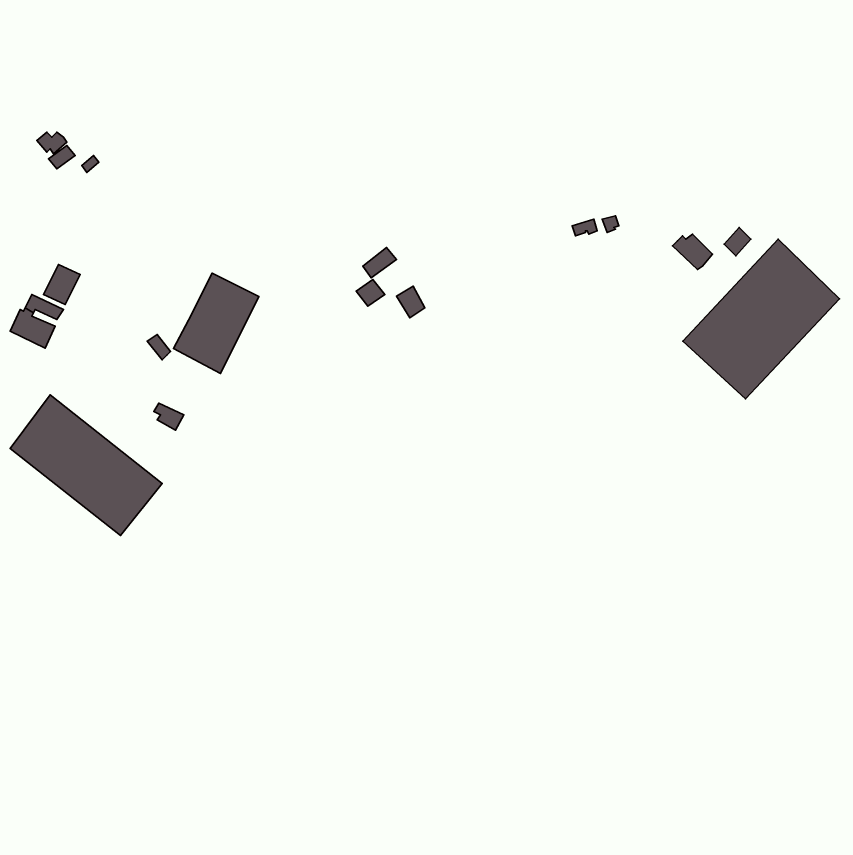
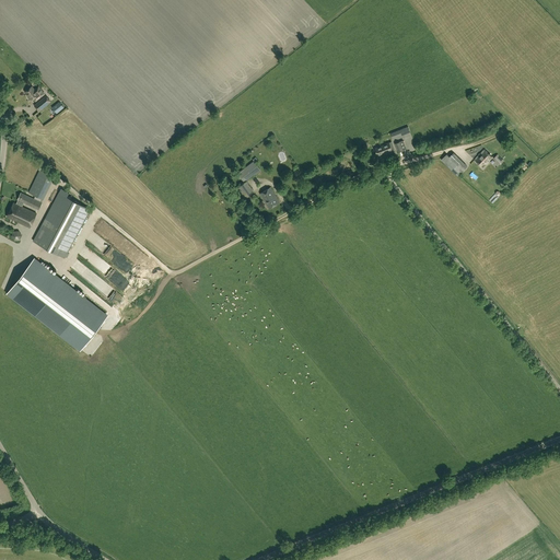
building: [683,239,840,399] -> none
building: [174,273,259,374] -> [33,192,89,258]

